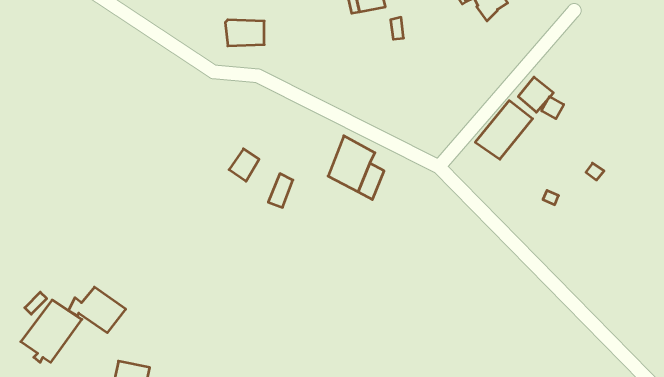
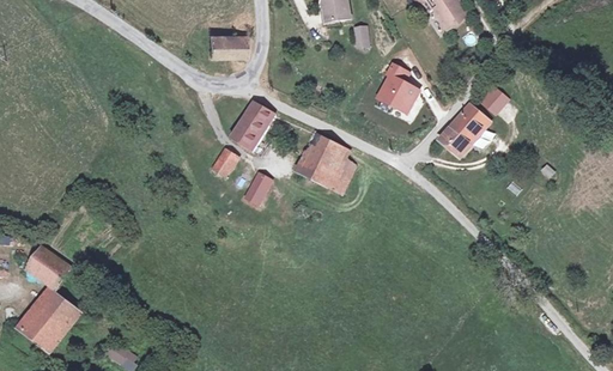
building: none -> [380,63,421,112]
building: none -> [229,99,273,147]
building: [68,287,126,333] -> [18,243,71,285]

